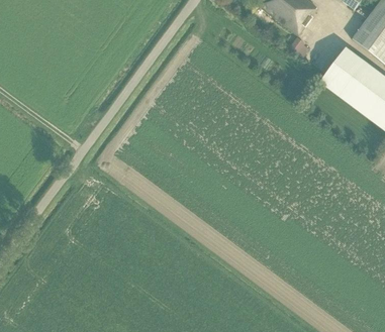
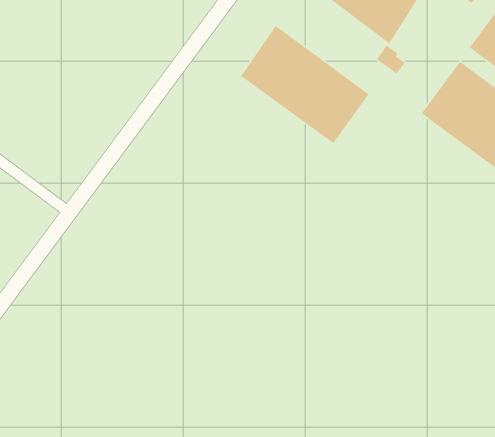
building: none -> [240,25,369,144]

